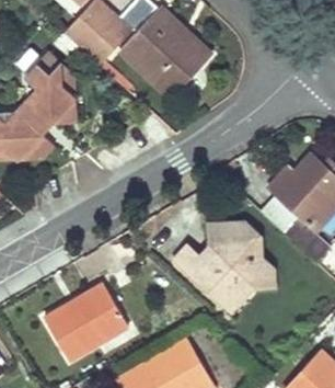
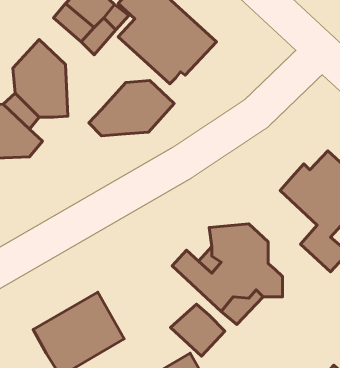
building: none -> [89,80,174,136]
building: none -> [171,304,225,356]

